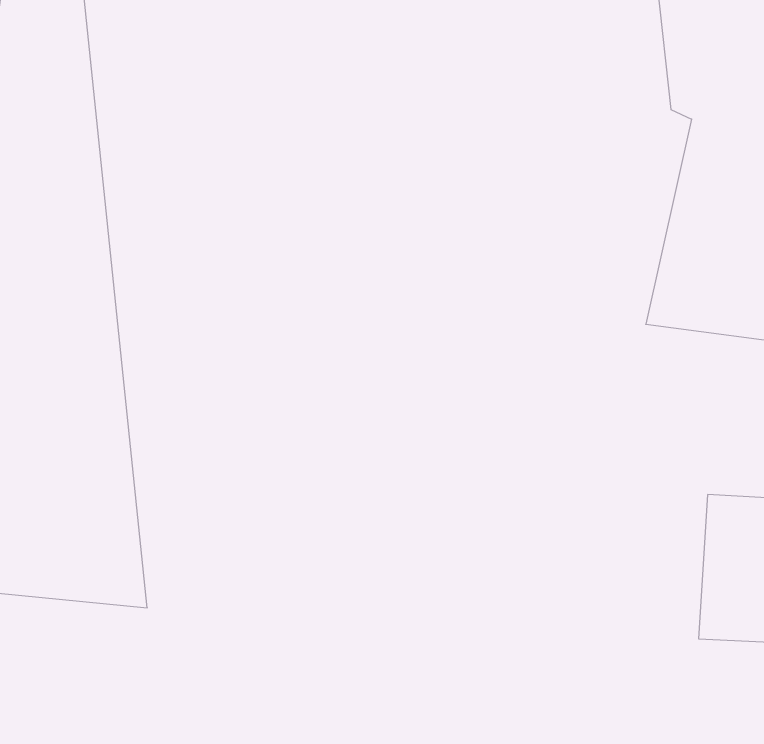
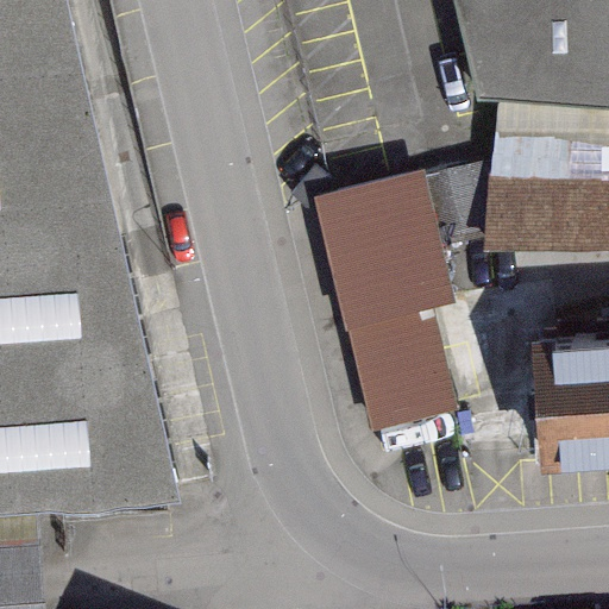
building: none -> [329,189,463,423]

